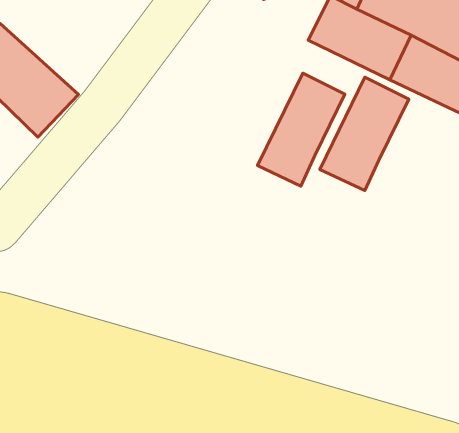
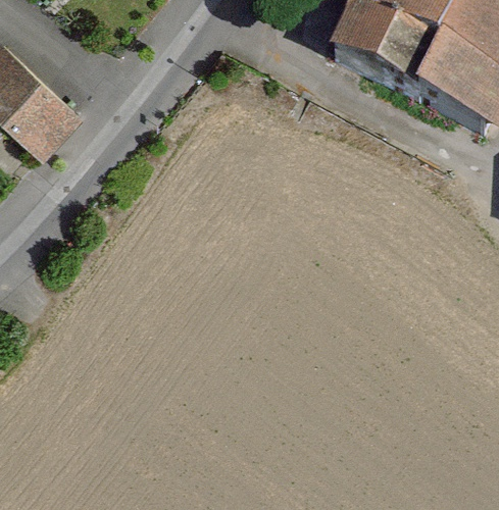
building: [258,73,345,186] -> none
building: [320,77,409,191] -> none

